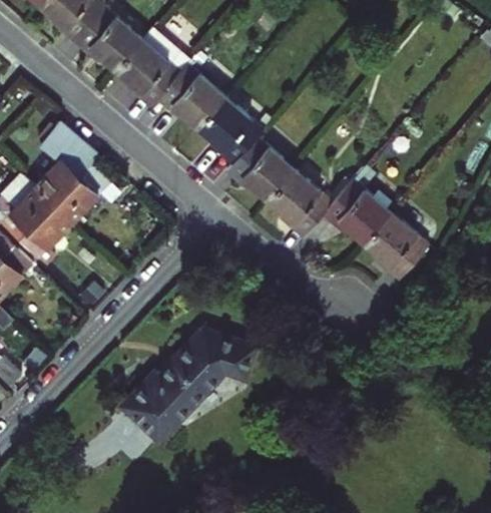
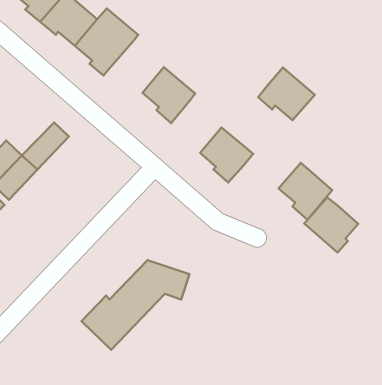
building: [157,65,224,128] -> none
building: [33,127,93,204] -> none
building: [226,137,295,201] -> none
building: [322,180,391,244] -> [258,68,315,120]
building: none -> [304,197,358,253]

